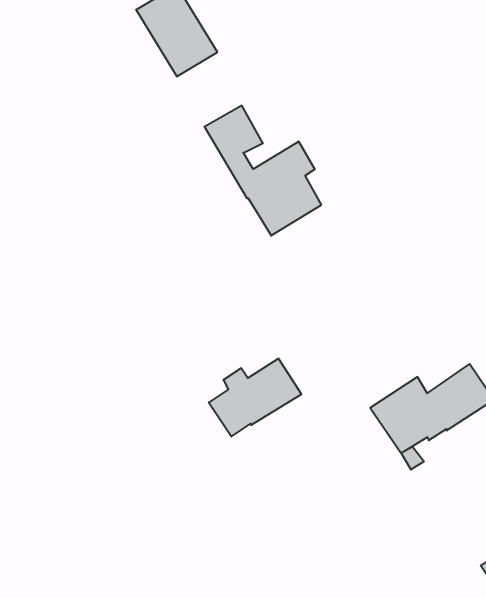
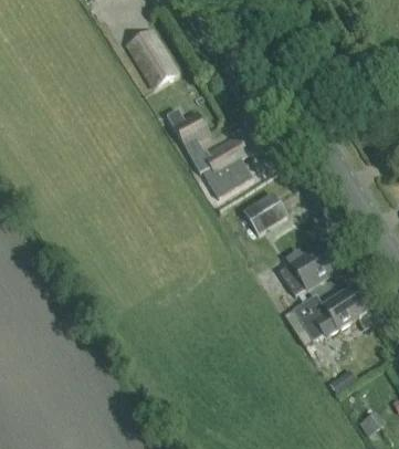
building: none -> [241,191,287,236]
building: [209,359,301,437] -> [276,243,339,296]

